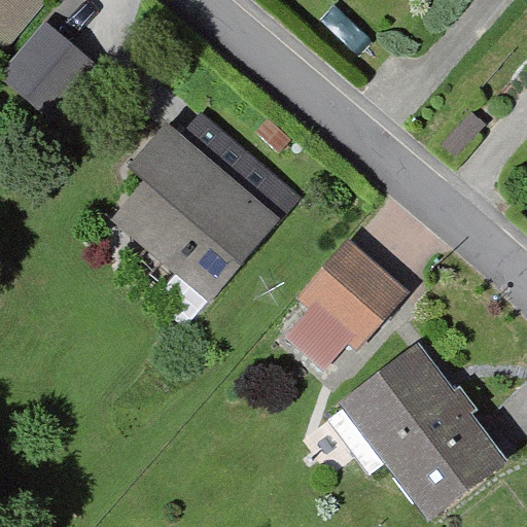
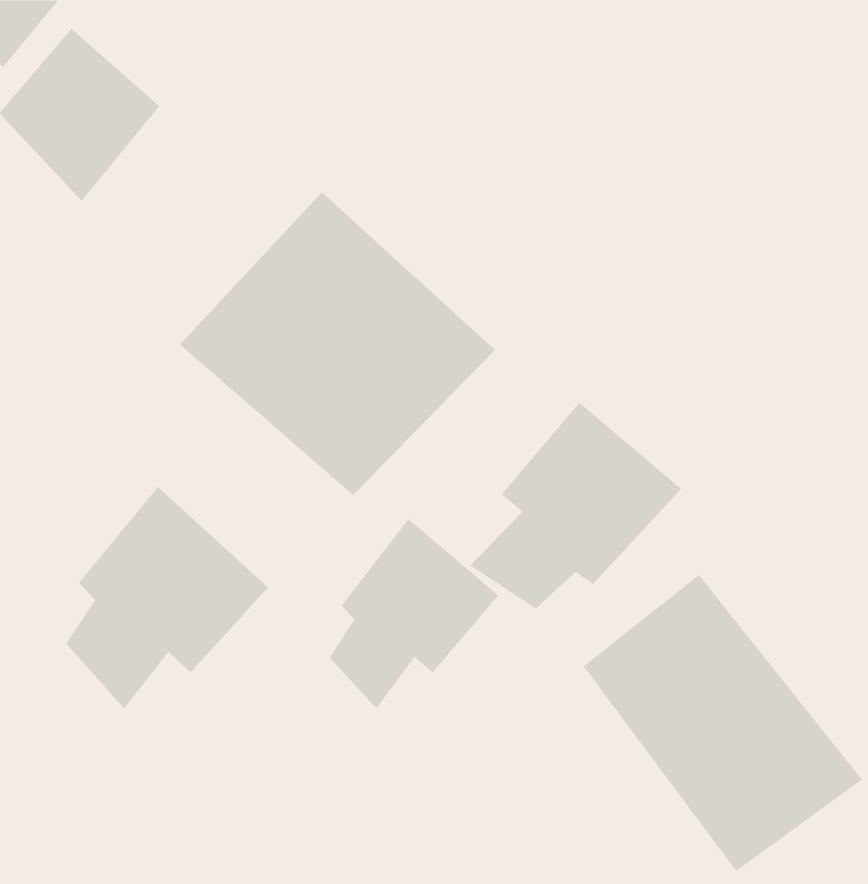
building: none -> [65,486,269,709]
building: none -> [329,518,499,709]

